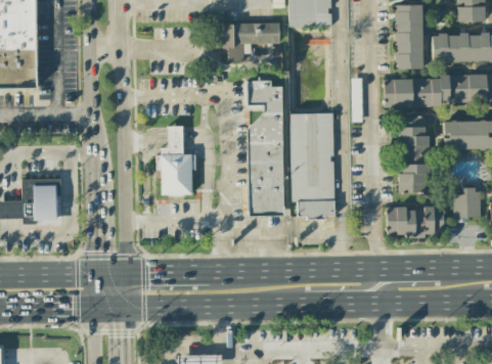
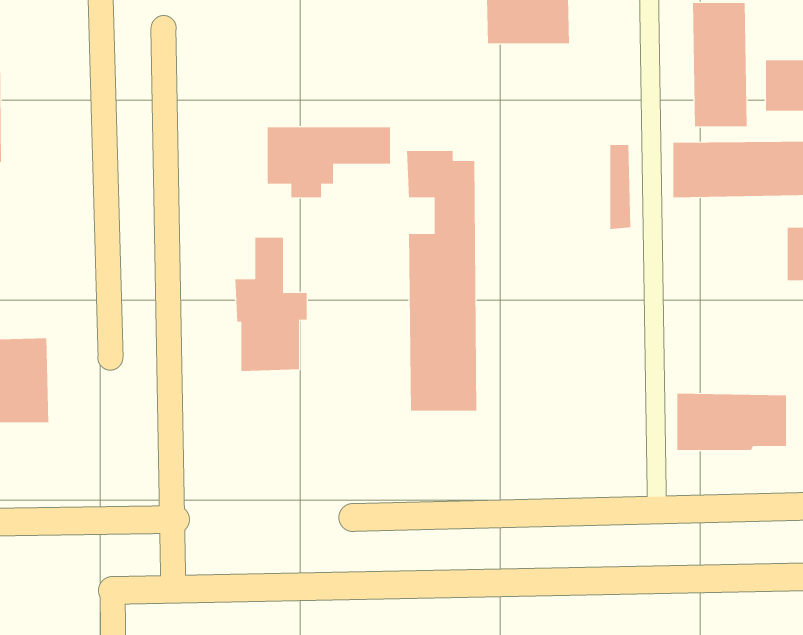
building: [216,24,280,60] -> [267,127,391,198]
building: [292,112,334,218] -> none
building: [399,117,429,157] -> none
building: [400,164,428,192] -> none

